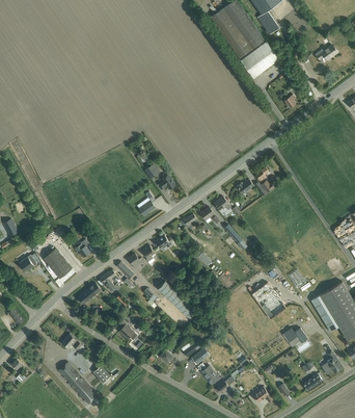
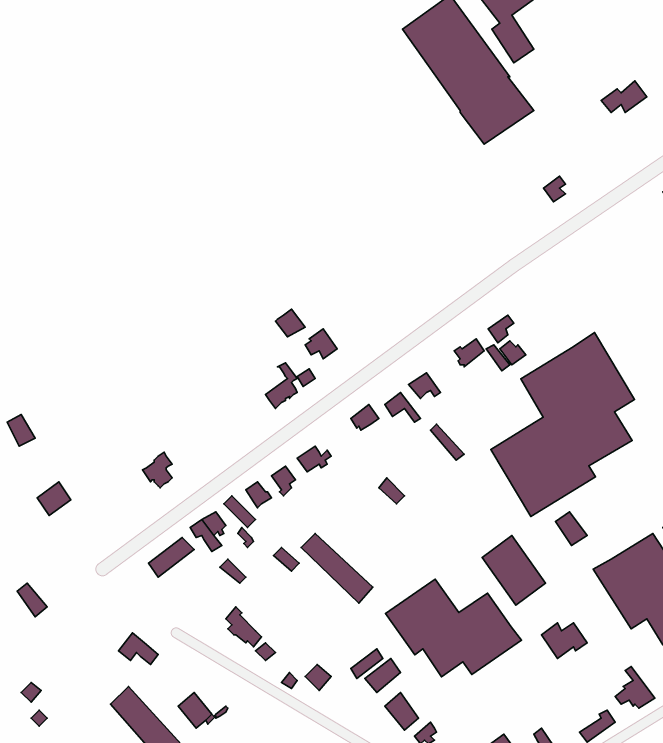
building: none -> [491,332,635,517]
building: [44,247,73,278] -> none
building: none -> [385,579,522,677]

